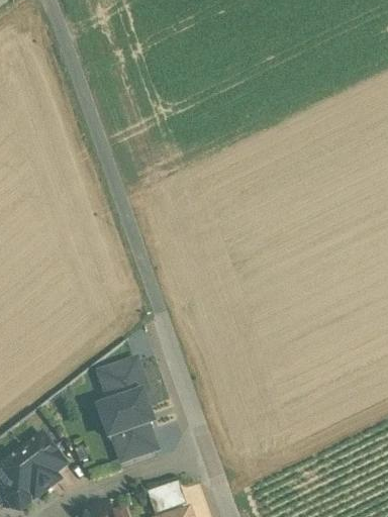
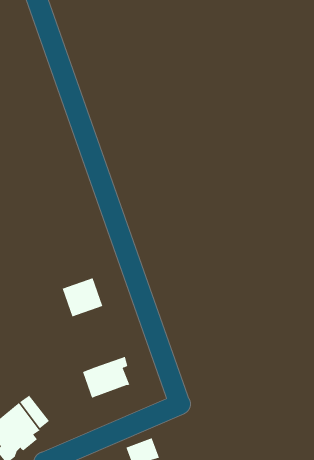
building: [101,358,147,402] -> [62,278,103,317]
building: [114,422,156,457] -> none

